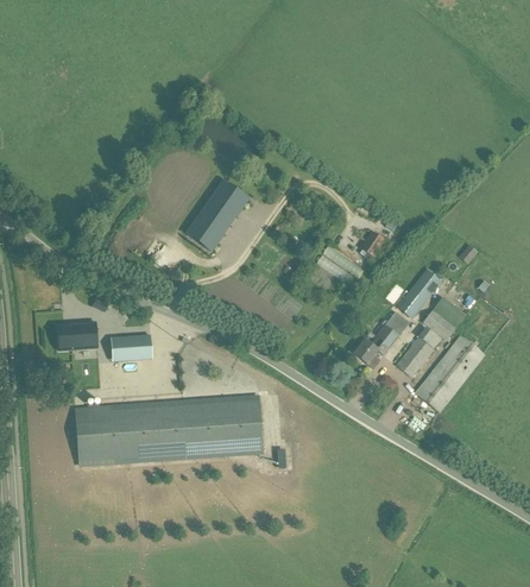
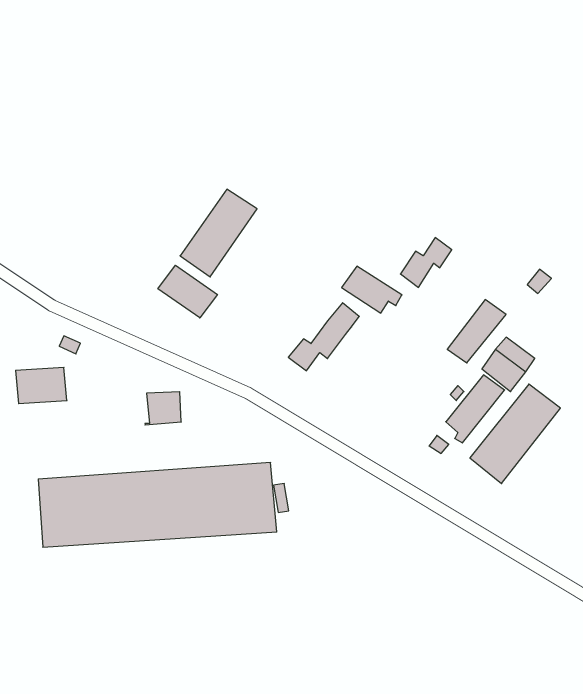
building: none -> [158,265,217,318]
building: [353,310,409,364] -> [288,303,359,371]
building: [121,334,150,360] -> [145,392,181,425]

